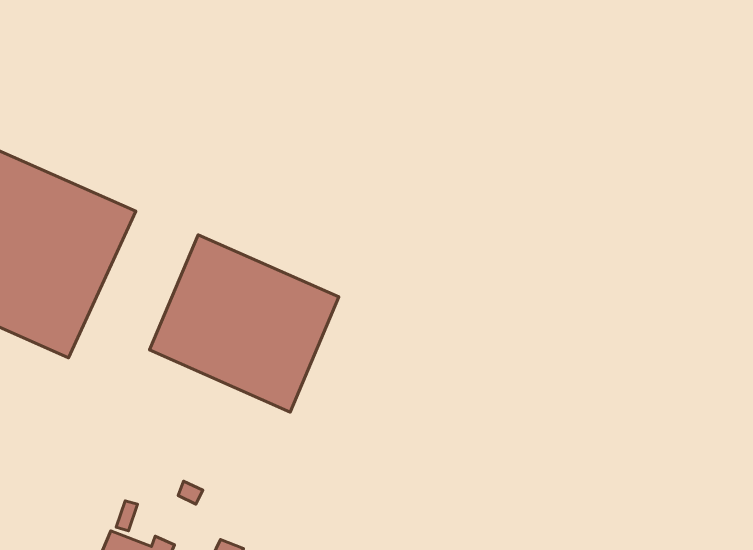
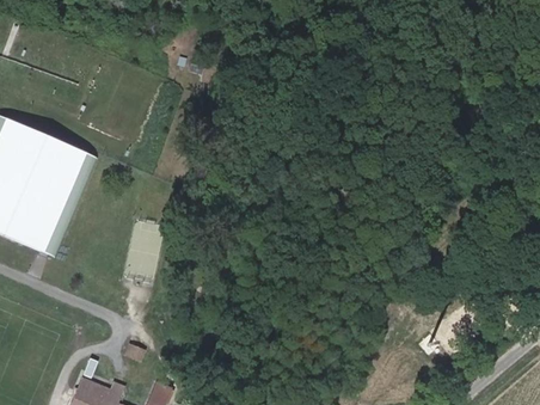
building: [150,235,339,412] -> none

